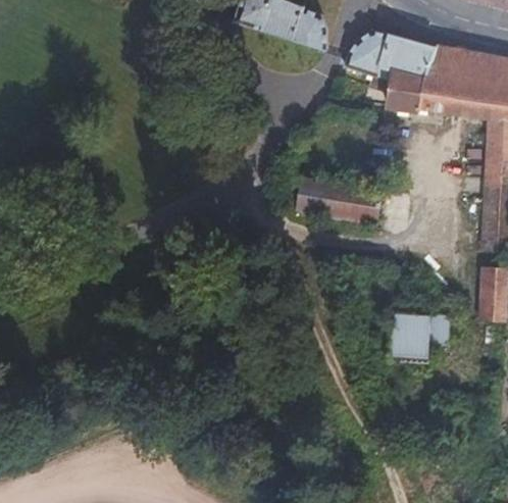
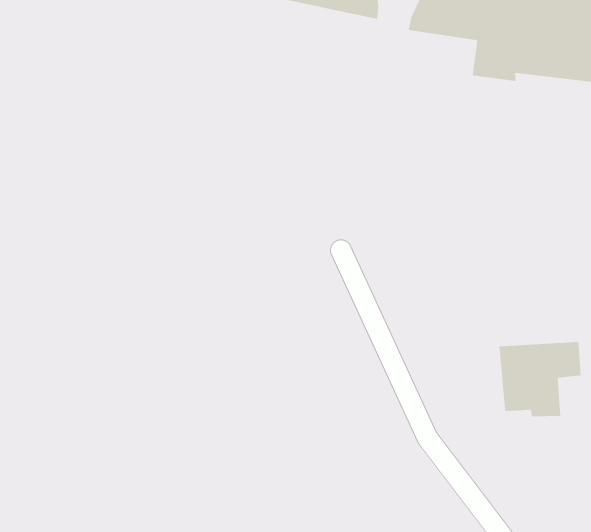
building: [294,164,380,217] -> none

